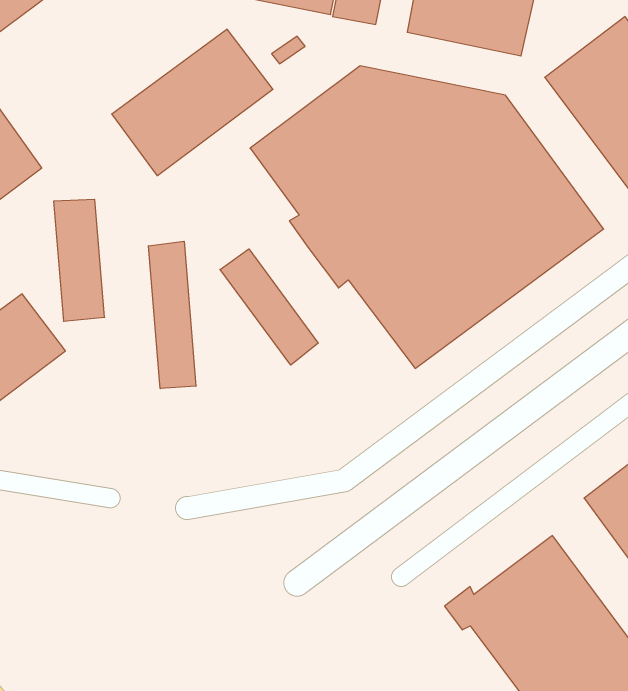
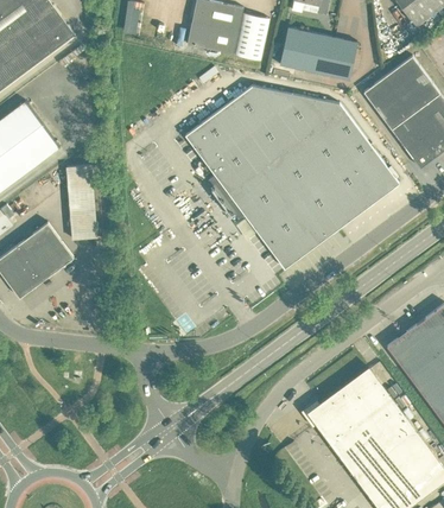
building: [112,29,273,176] -> none
building: [149,241,196,389] -> none
building: [220,249,318,365] -> none

